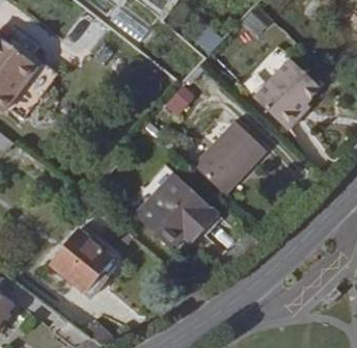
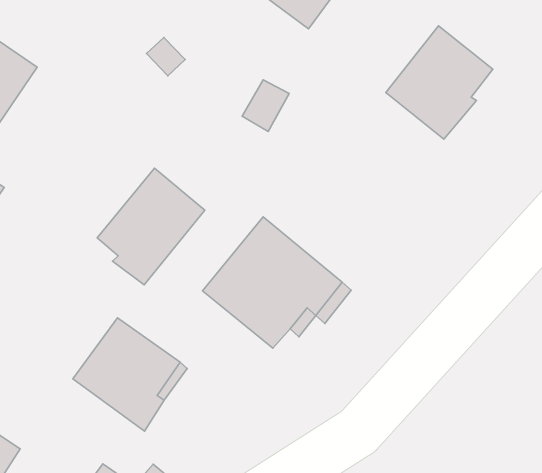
building: [194,118,268,193] -> none
building: none -> [97,168,205,285]

